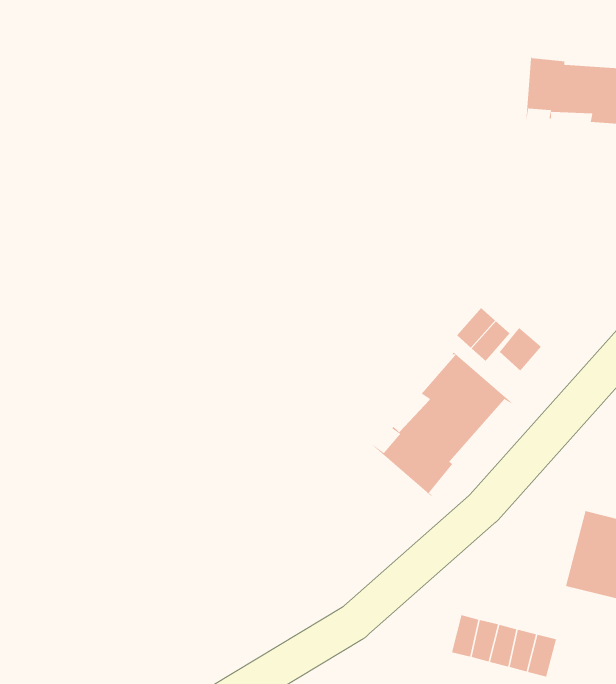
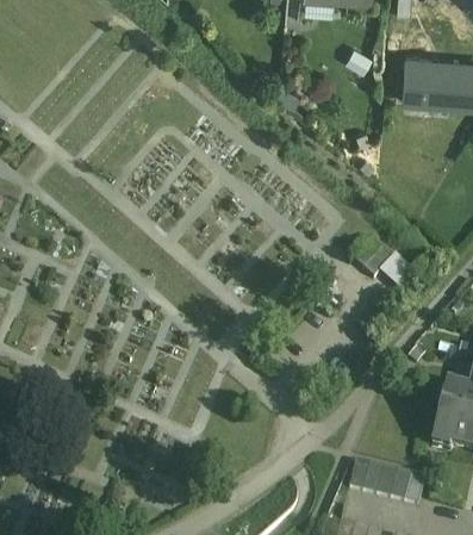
building: [371,351,513,497] -> none

